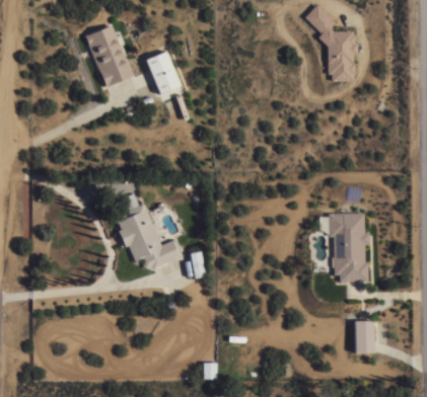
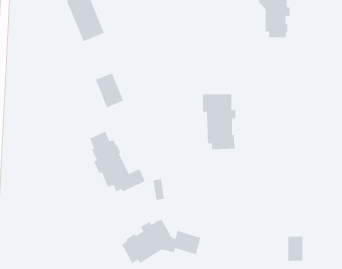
building: [145,52,181,95] -> [95,73,124,108]
building: [328,213,369,282] -> [202,93,236,150]
building: none -> [121,219,201,264]

